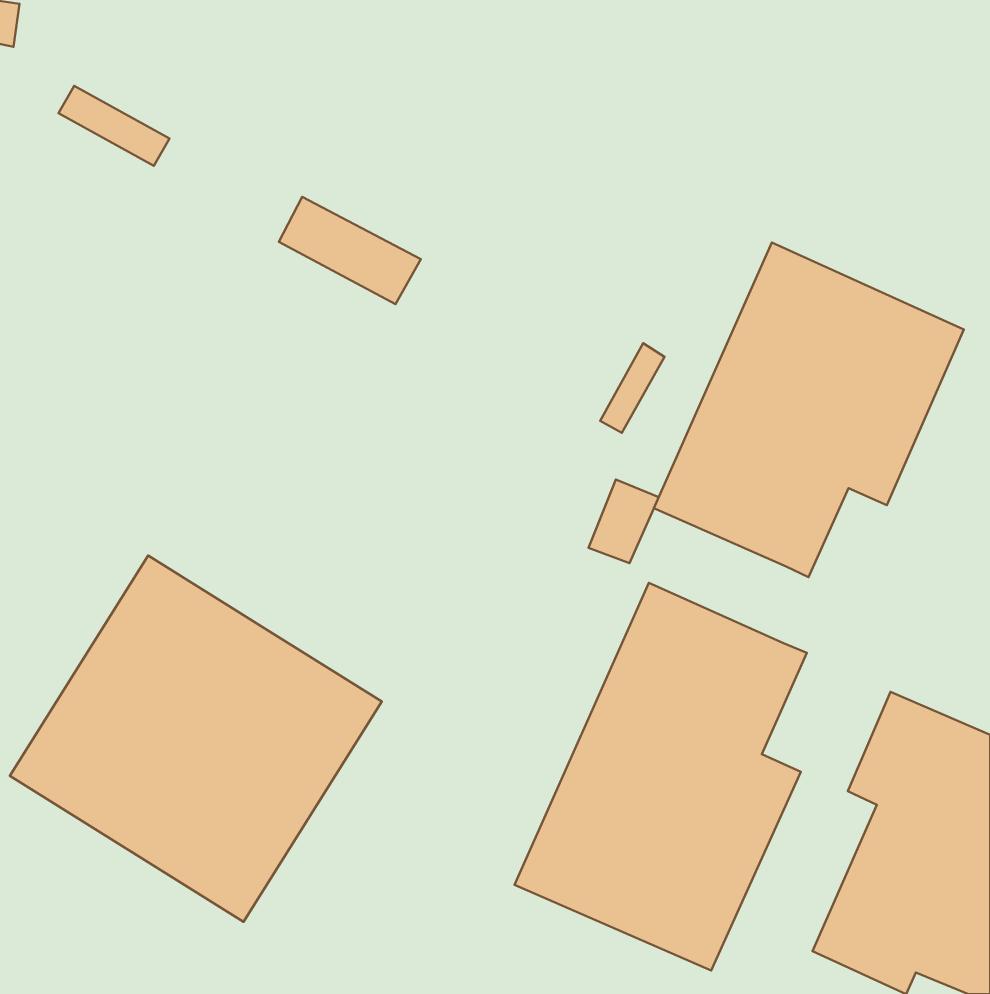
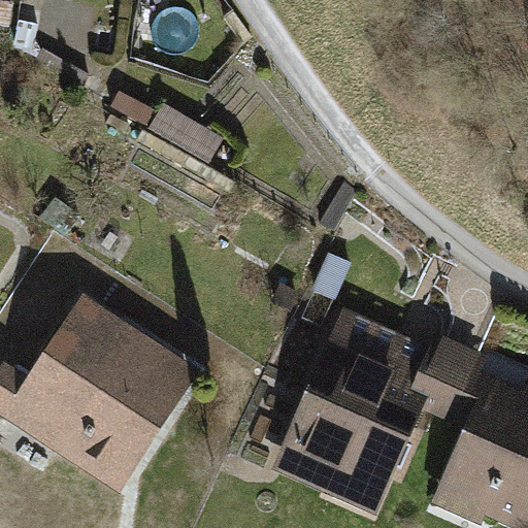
building: [654,243,964,577] -> none
building: none -> [403,332,478,419]

